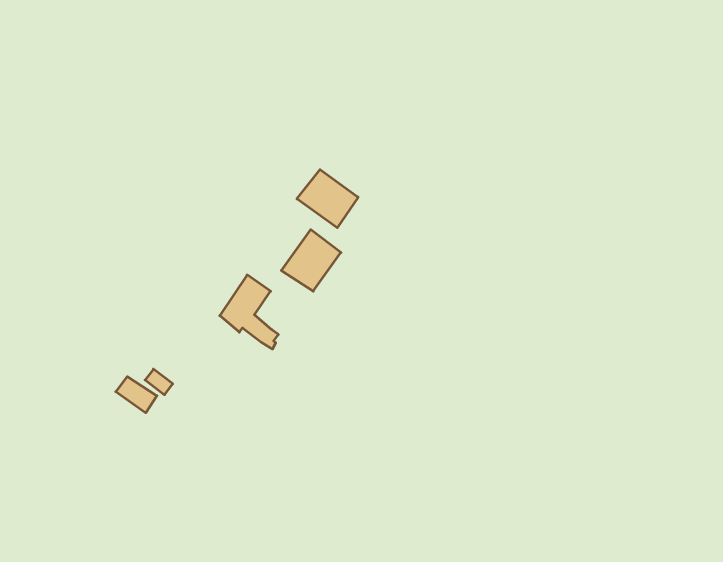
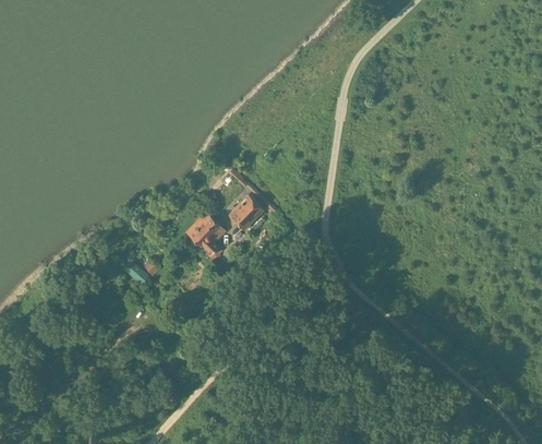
building: [297,170,358,228] -> none

